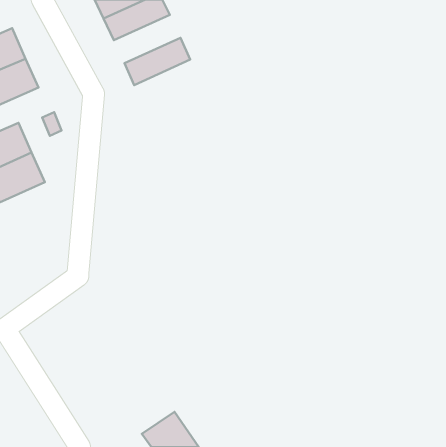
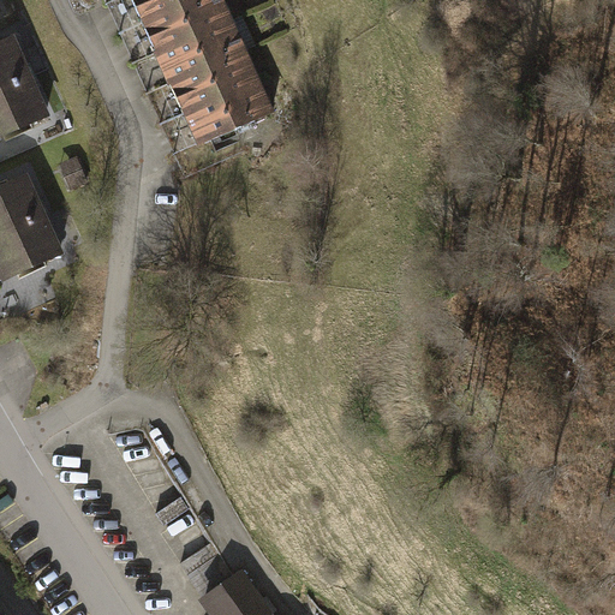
building: none -> [156,20,247,86]
building: none -> [184,82,276,153]

